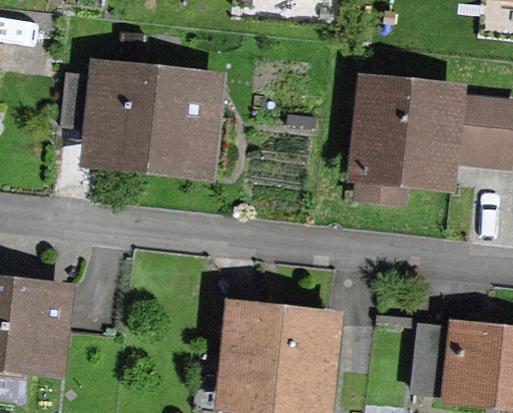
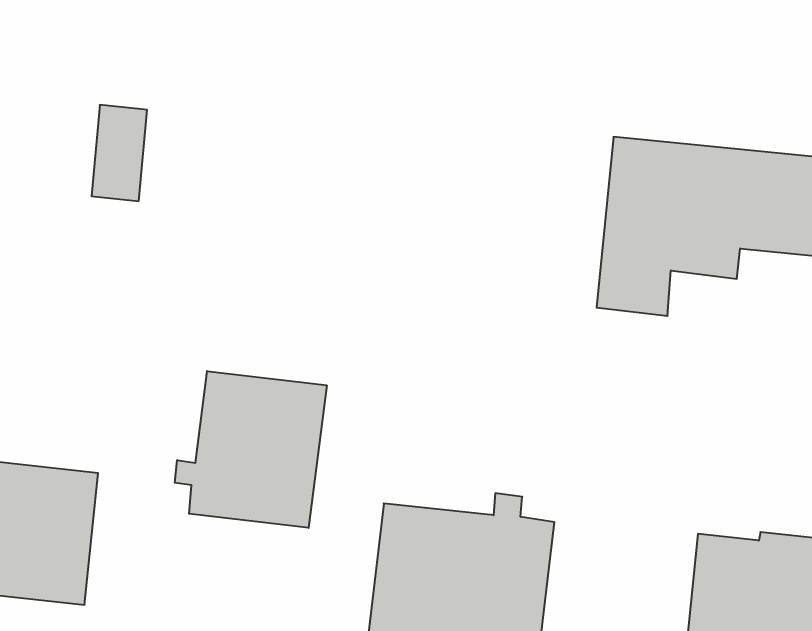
building: [101,75,209,161] -> none
building: none -> [175,371,327,528]

